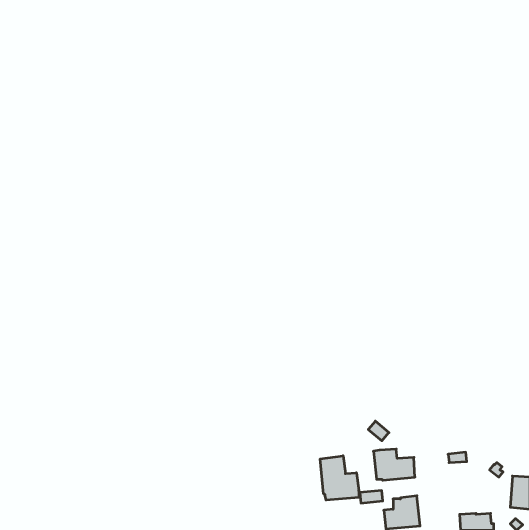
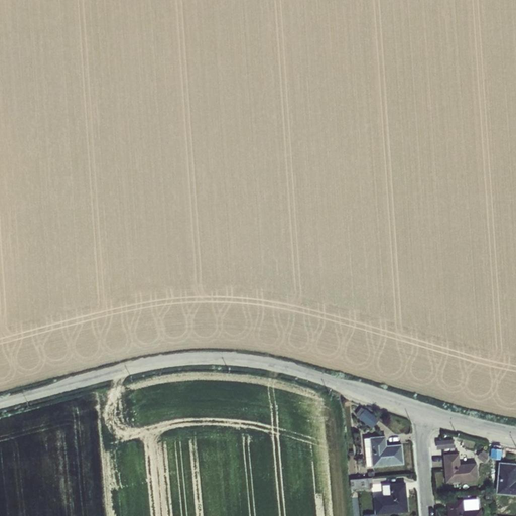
building: [320,456,359,500] -> none
building: none -> [443,453,478,483]

